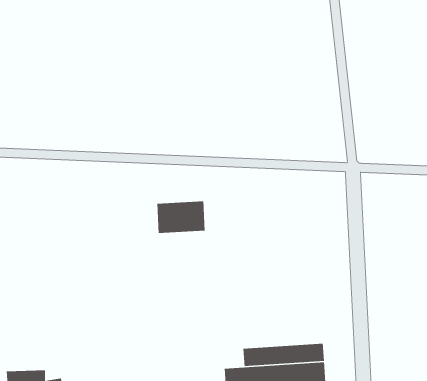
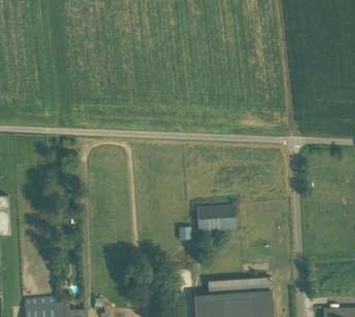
building: [156,200,206,234] -> [198,205,236,231]

